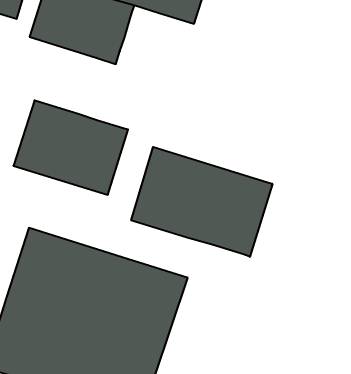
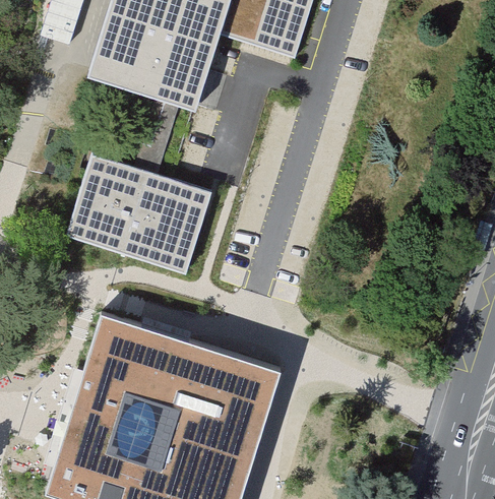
building: [131,147,272,257] -> none

